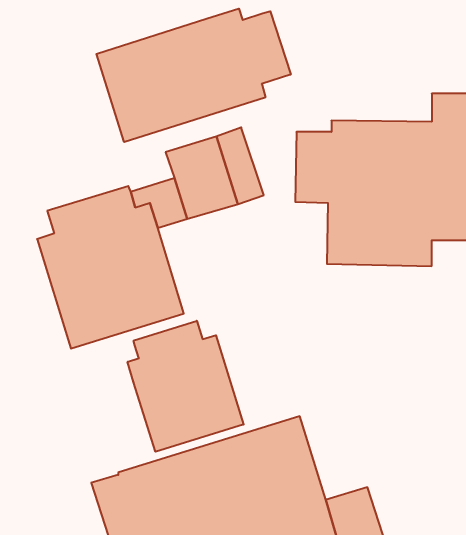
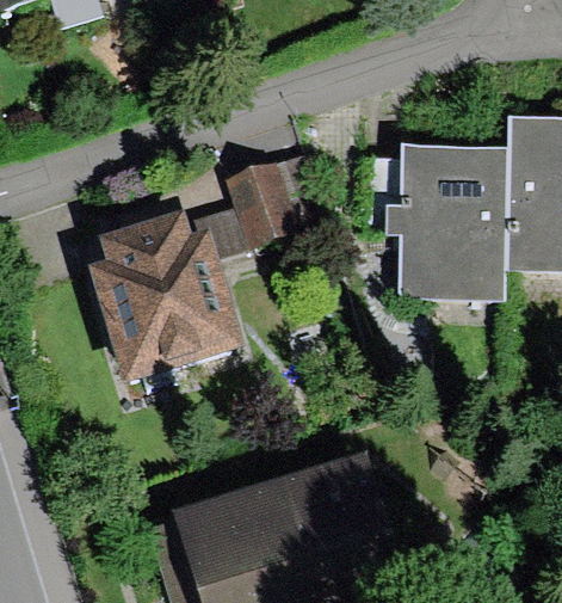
building: [96,9,291,142] -> none
building: [128,321,244,452] -> none

